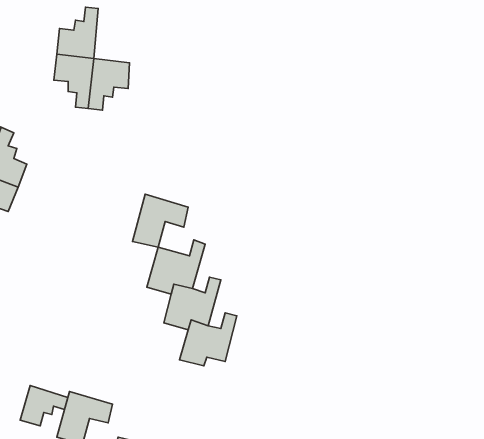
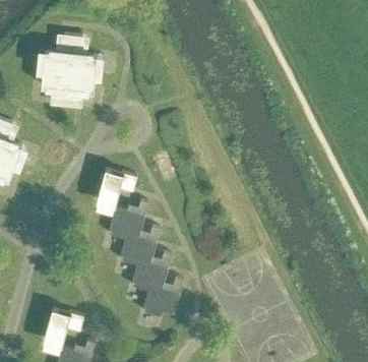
building: none -> [69,36,97,74]
building: none -> [141,279,183,316]
building: [20,385,68,426] -> none

